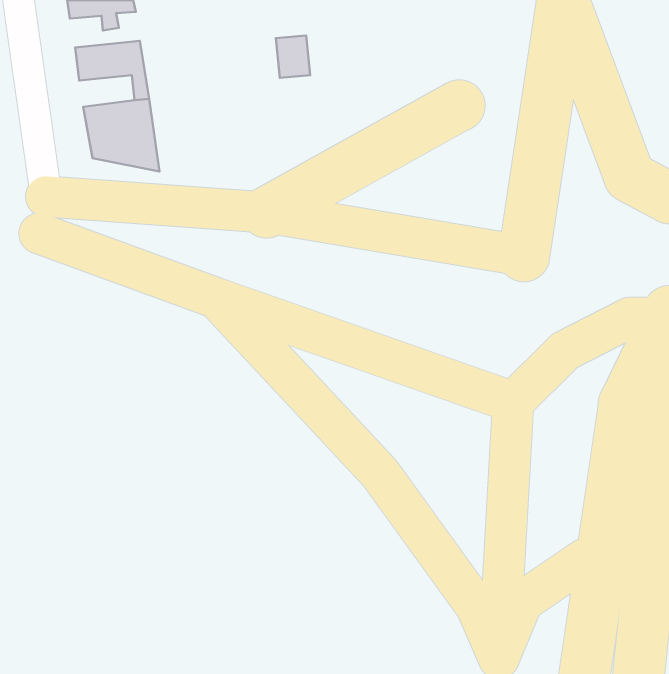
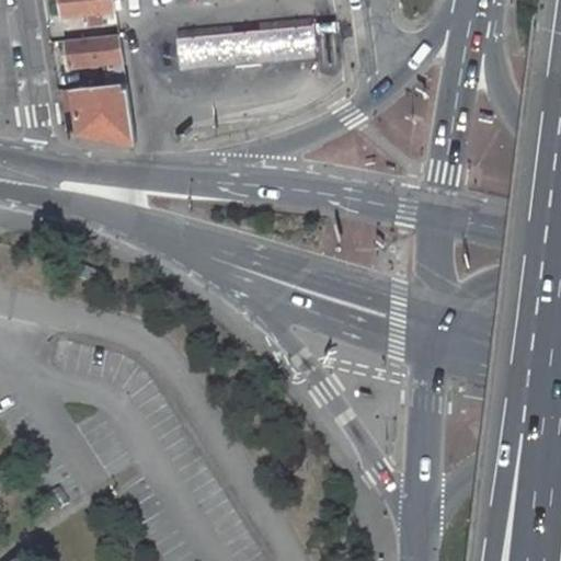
building: none -> [254,24,312,62]
building: none -> [174,32,232,70]

